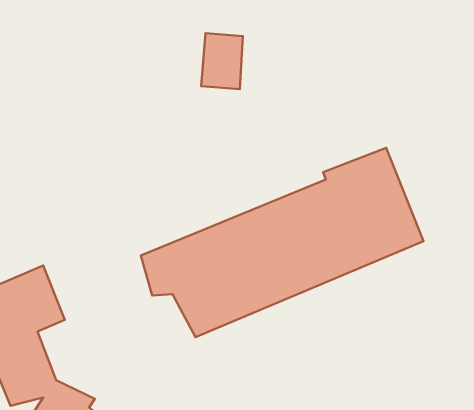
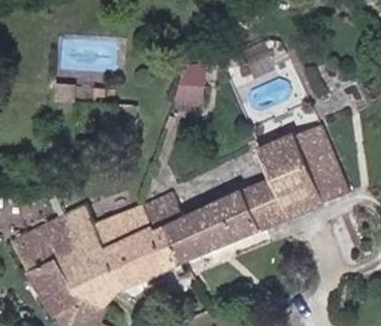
building: none -> [63,209,177,317]

